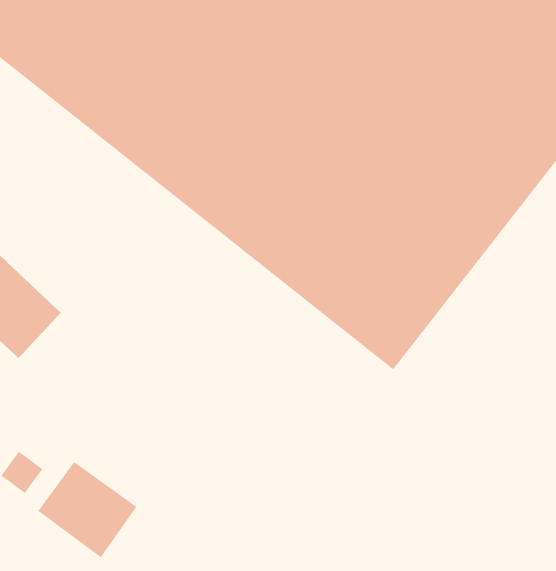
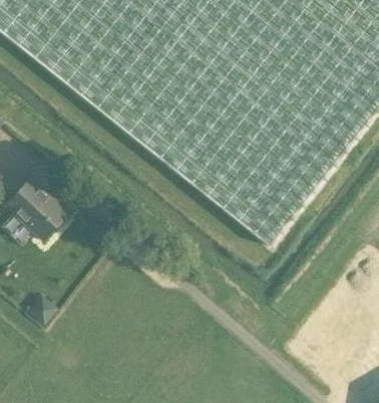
building: [38,461,137,558] -> none

